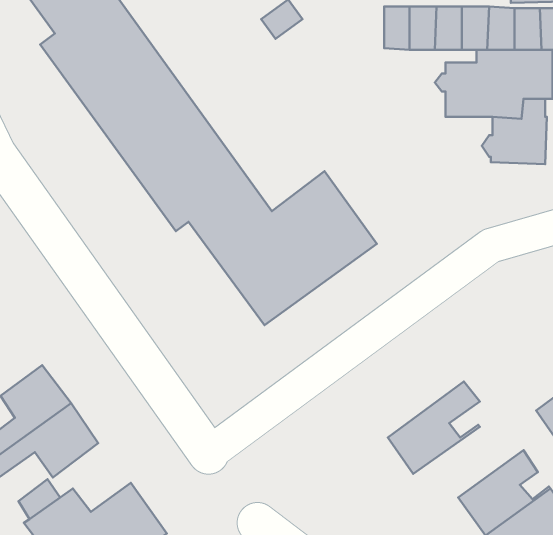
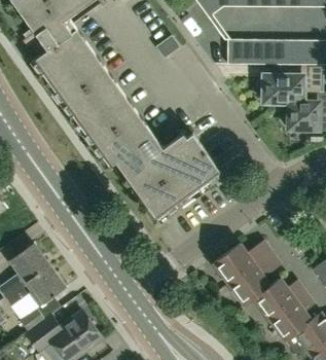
building: none -> [213,240,271,284]
building: none -> [243,278,305,318]

